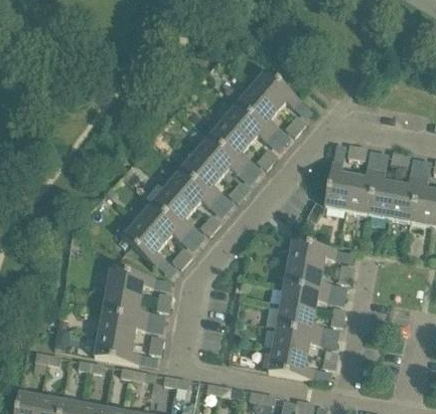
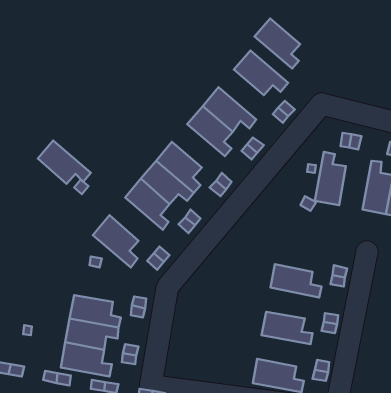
building: [237,86,278,132] -> [255,19,300,69]
building: [194,136,243,175] -> none
building: [346,167,376,213] -> none
building: [138,202,186,241] -> [38,141,91,184]
building: [288,240,336,269] -> none
building: [106,268,154,296] -> none
building: [280,283,328,312] -> none
building: [272,327,320,355] -> none

